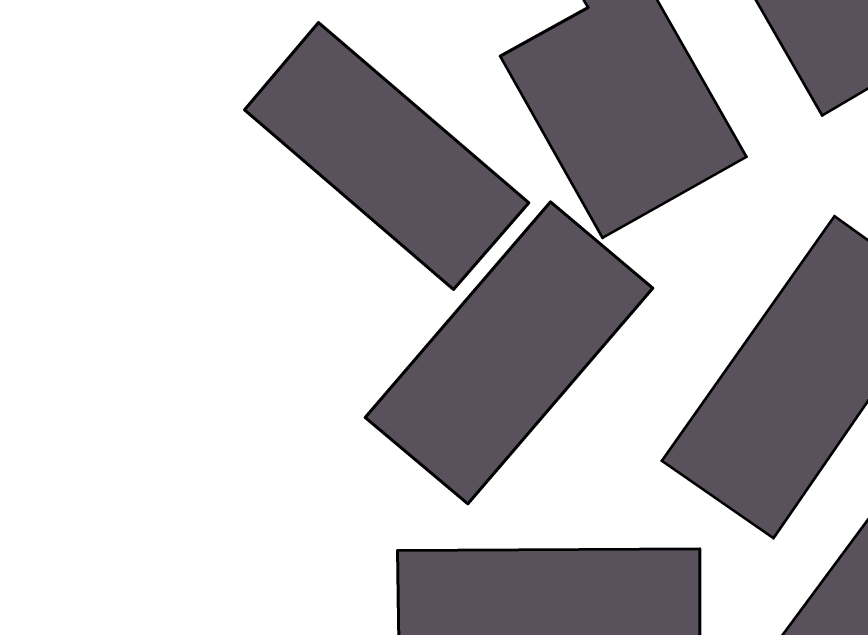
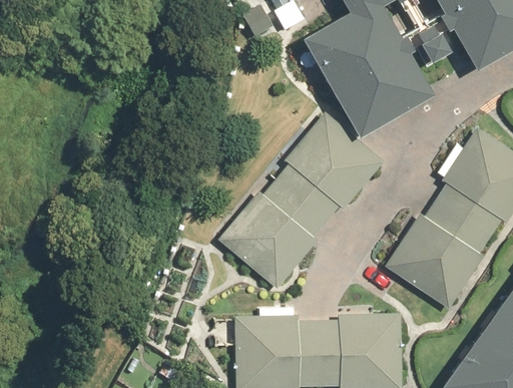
building: [244,22,529,289] -> none

